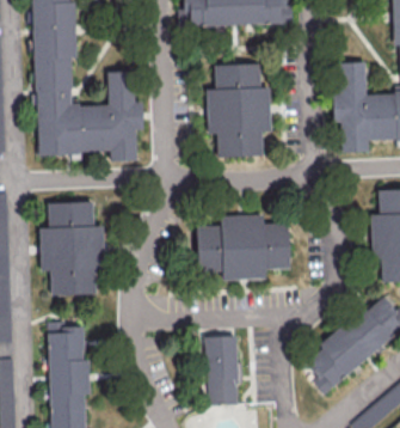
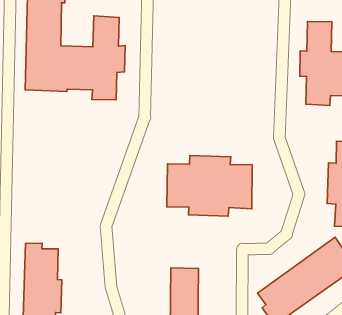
building: [207,63,270,157] -> none
building: [39,201,103,295] -> none

